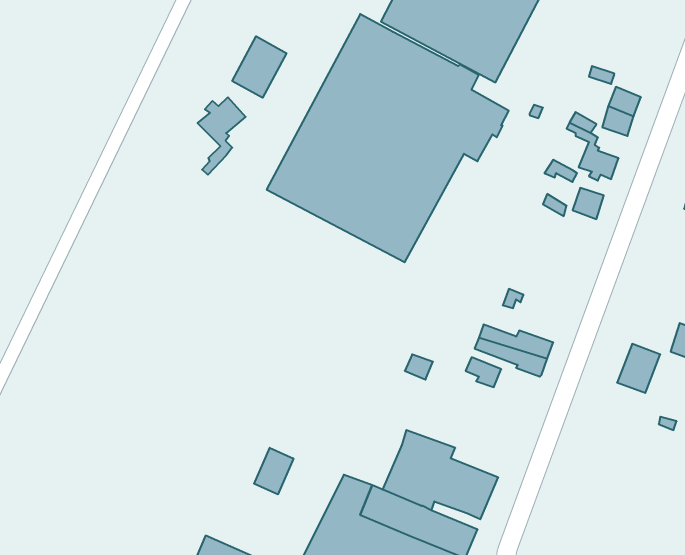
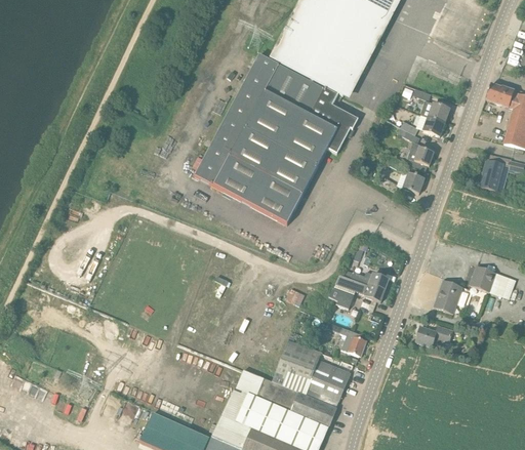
building: [232,36,286,98] -> none
building: [198,97,246,175] -> none
building: none -> [416,324,454,350]
building: none -> [340,327,367,356]
building: [254,448,293,494] -> none

